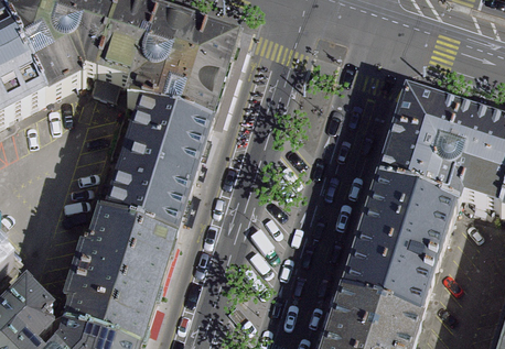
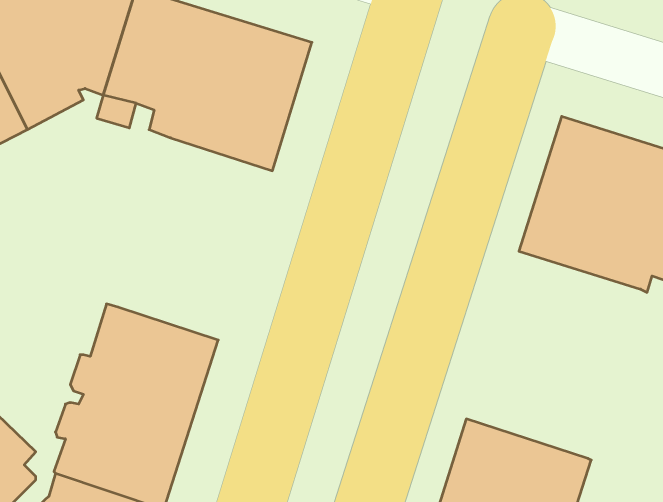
building: [107,96,211,231] -> none
building: [341,172,458,310] -> none

